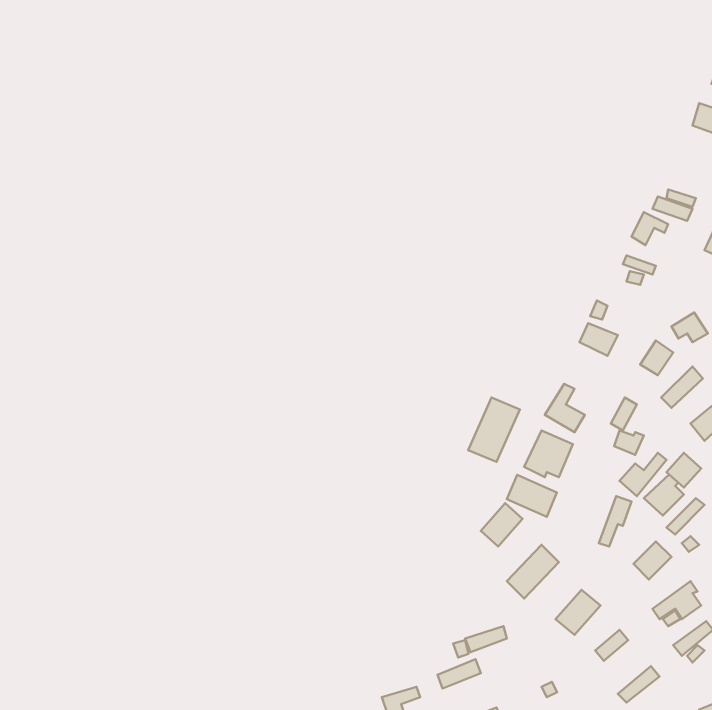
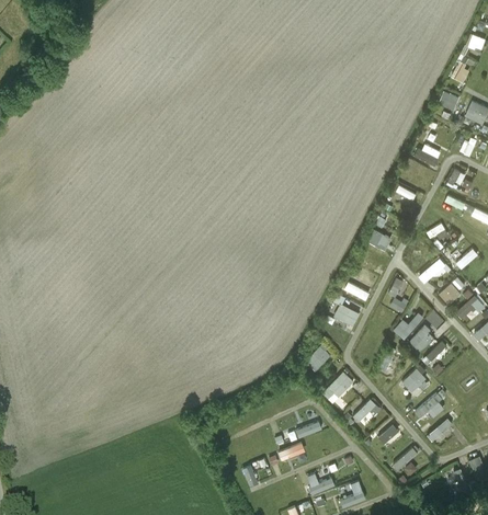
building: [468,398,520,462] -> none
building: [507,475,557,517] -> none

